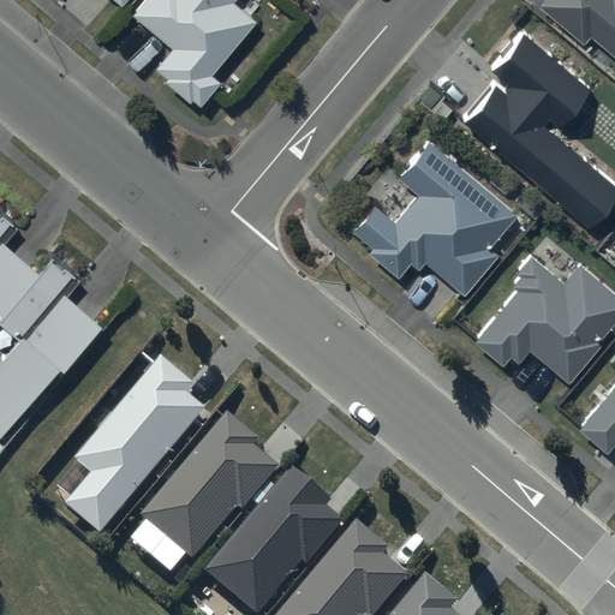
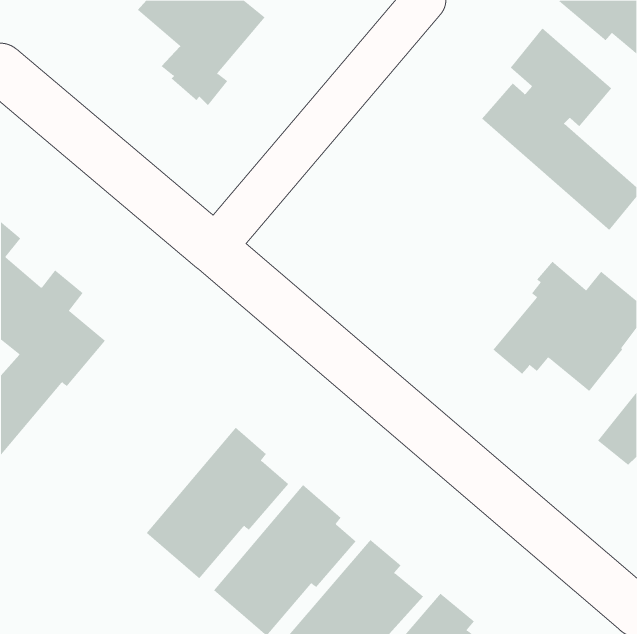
building: [353,139,517,293] -> none
building: [64,357,204,535] -> none

